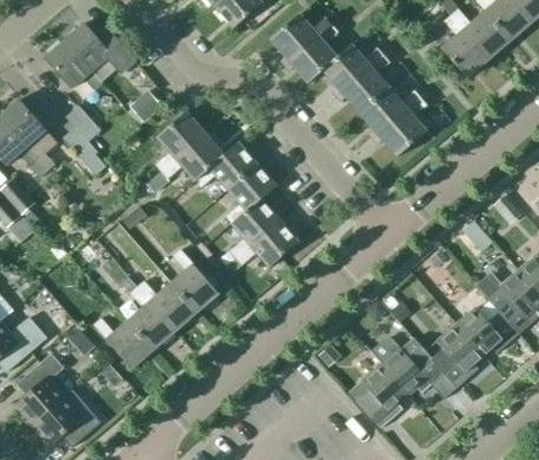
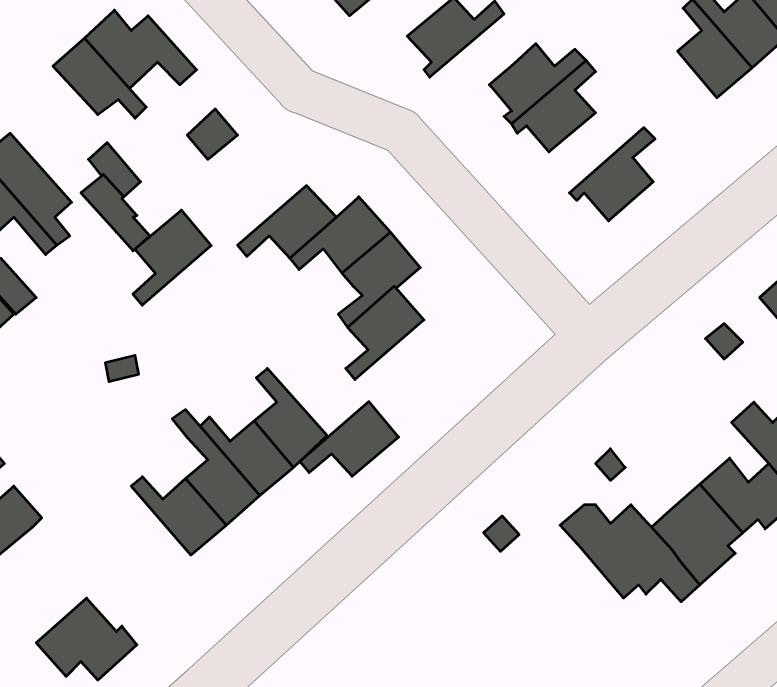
building: [284,25,339,83] -> none
building: [360,88,421,139] -> none
building: [156,111,206,172] -> [133,210,211,305]
building: [237,219,300,267] -> [300,402,399,476]
building: [17,353,66,424] -> none
building: [349,364,408,428] -> none

